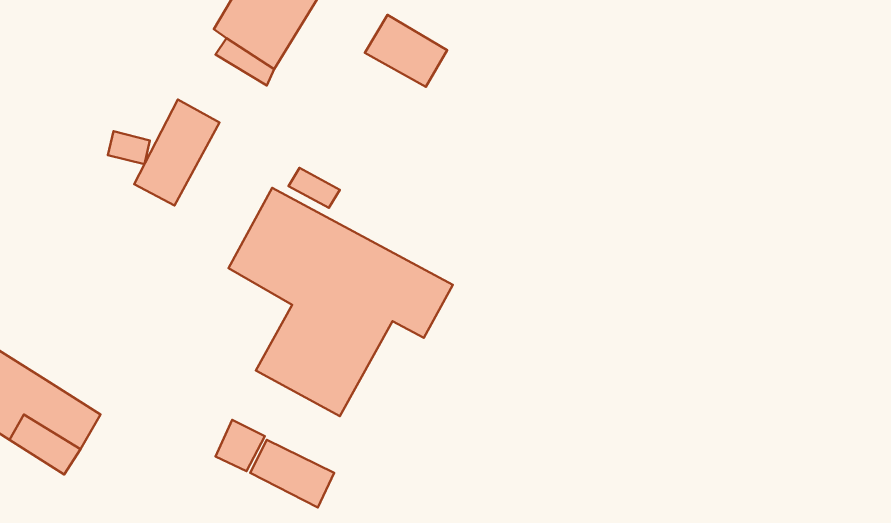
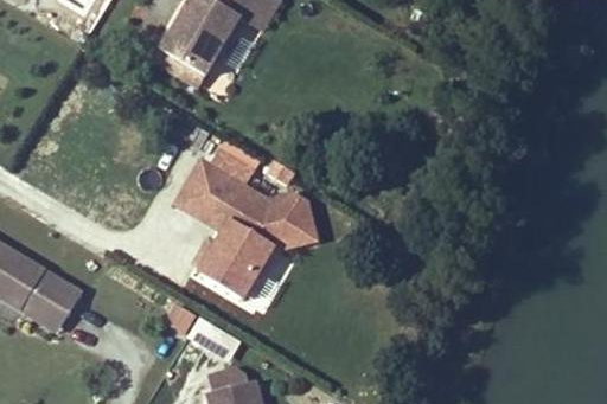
building: [365,15,447,87] -> none
building: [134,99,219,205] -> none

